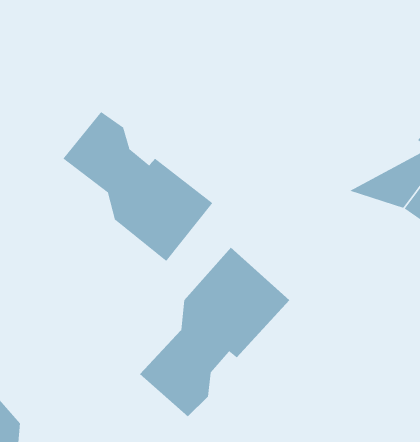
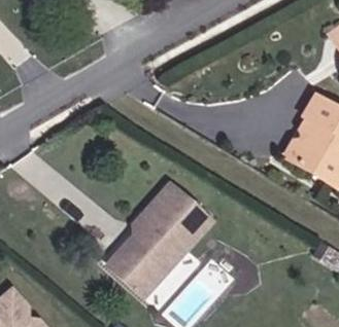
building: [62,111,213,262] -> none

